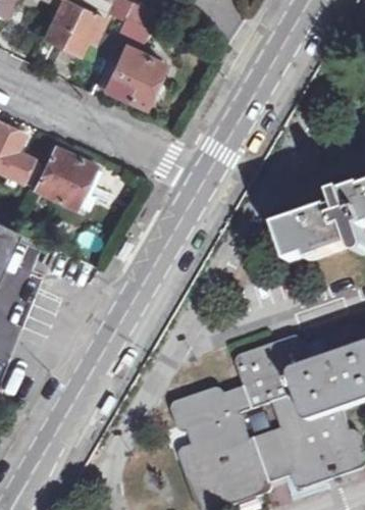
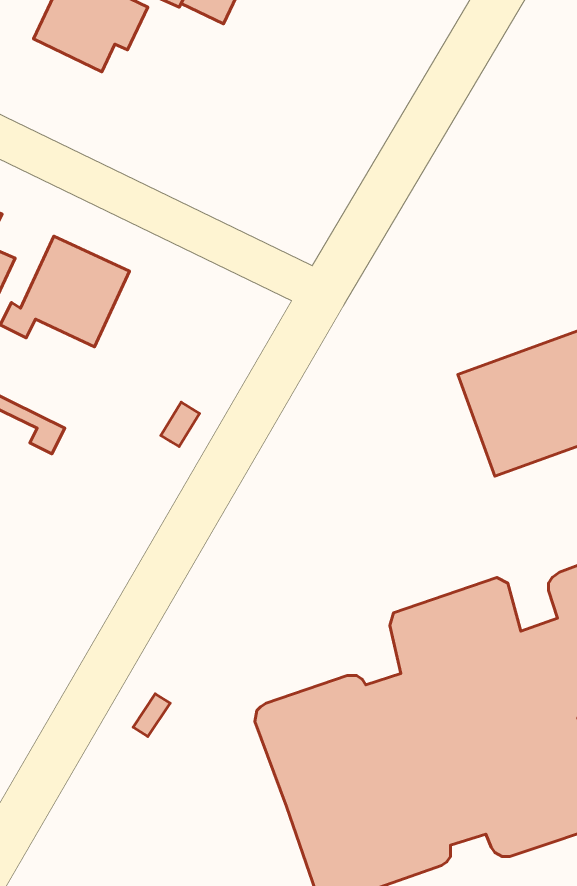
building: [87,37,163,103] -> none

